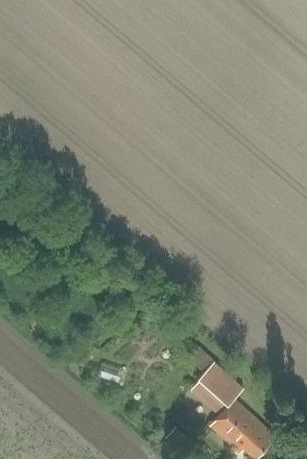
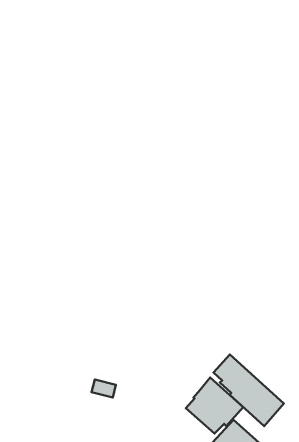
building: none -> [214,355,284,426]

